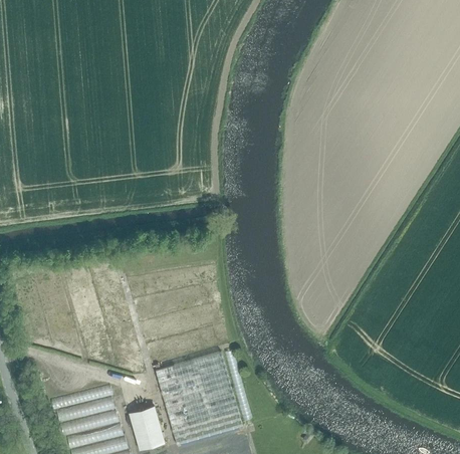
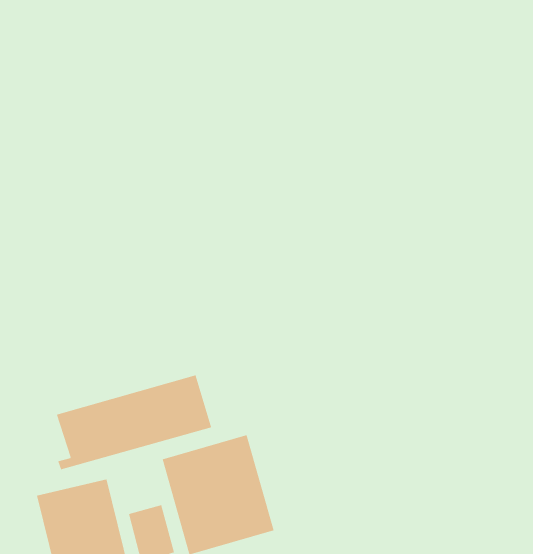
building: none -> [56,375,212,470]

